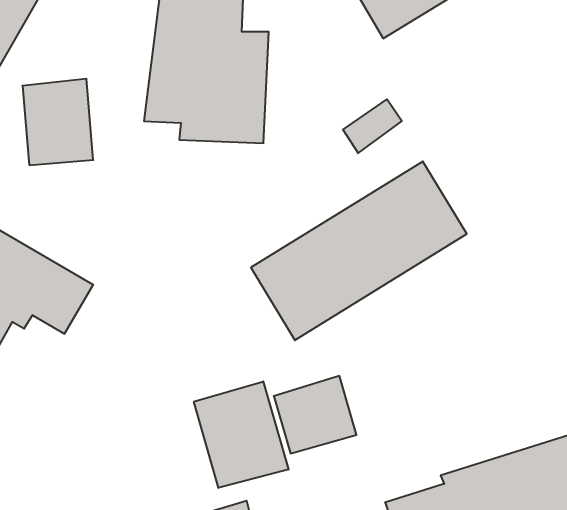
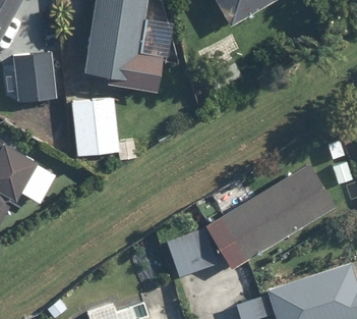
building: none -> [72,99,119,155]
building: [251,161,467,340] -> [206,162,337,270]
building: [194,381,289,488] -> none

